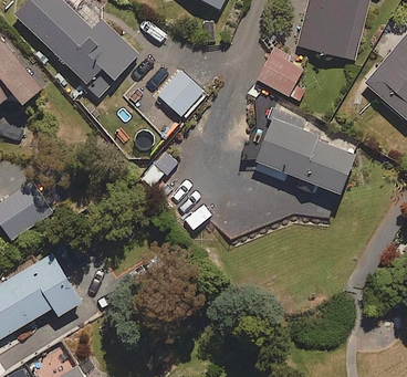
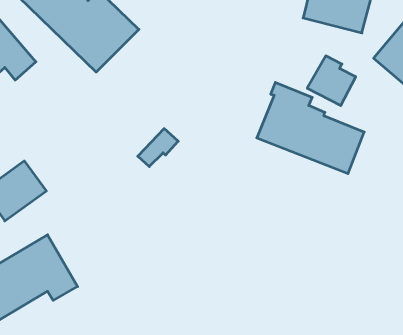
building: [257,49,303,96] -> [307,56,356,106]
building: [157,71,202,117] -> none

